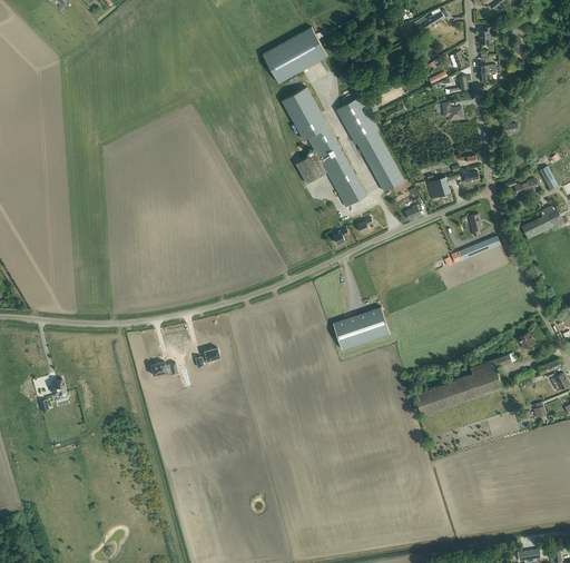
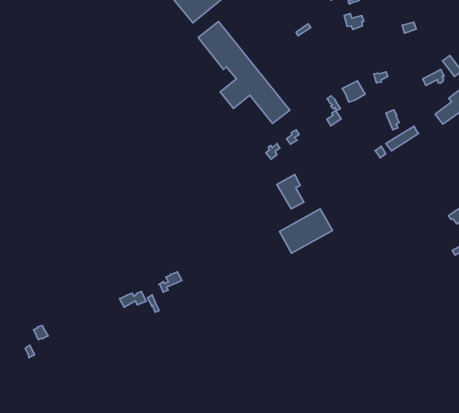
building: [336,97,403,191] -> none
building: none -> [277,175,304,209]
building: [414,353,514,415] -> none

